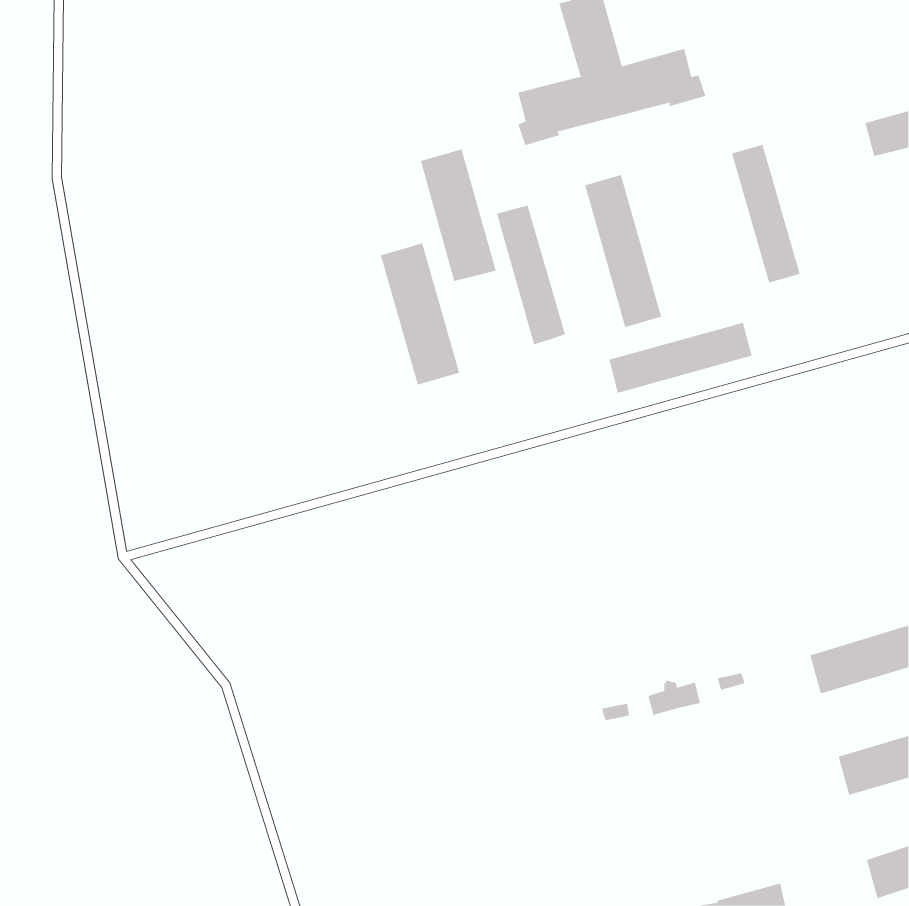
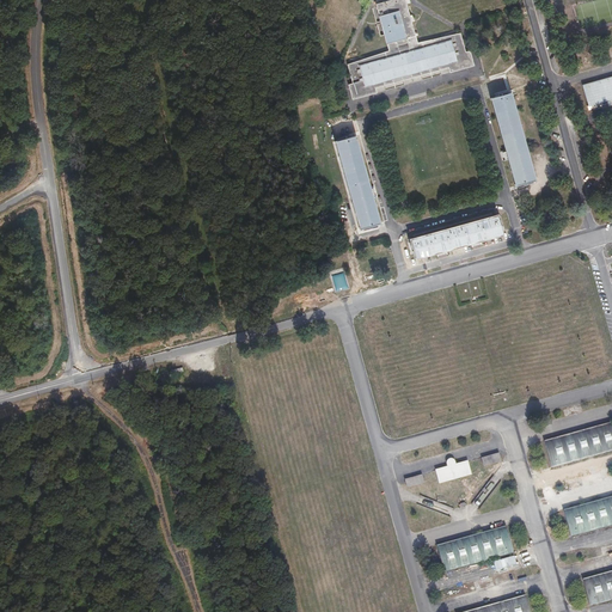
building: [420,148,497,282] -> none
building: [584,174,662,328] -> none
building: [380,242,460,386] -> none
building: none -> [433,525,513,570]

